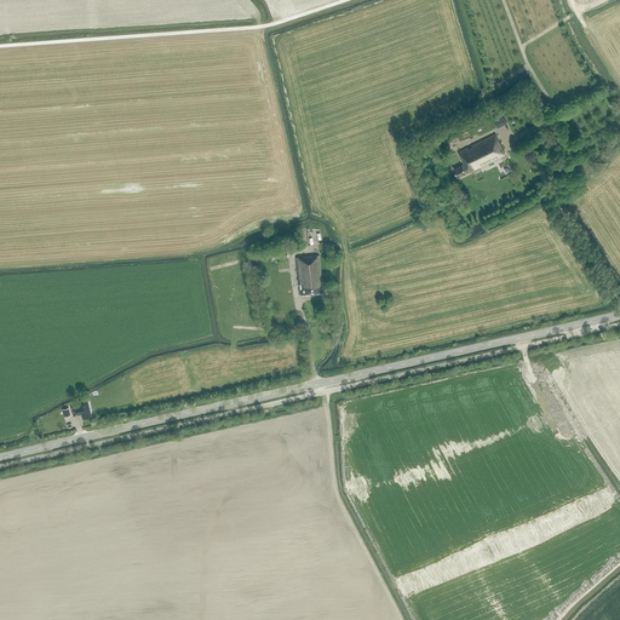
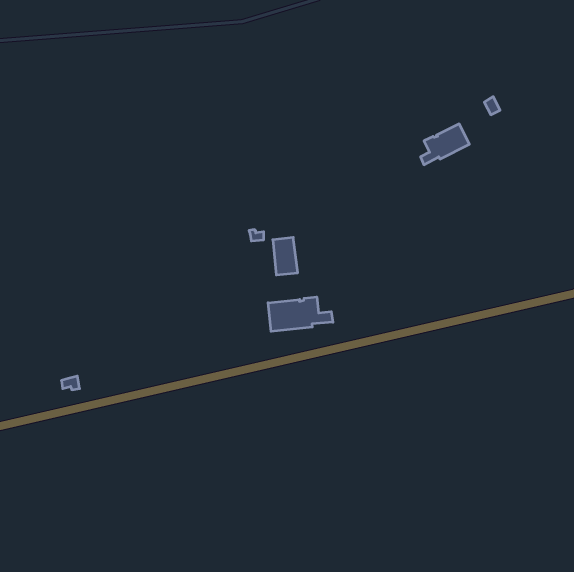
building: none -> [268,297,333,331]

